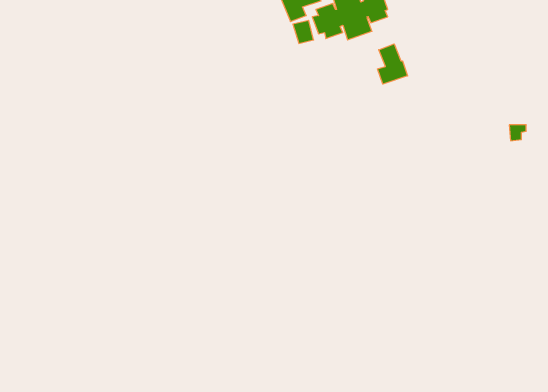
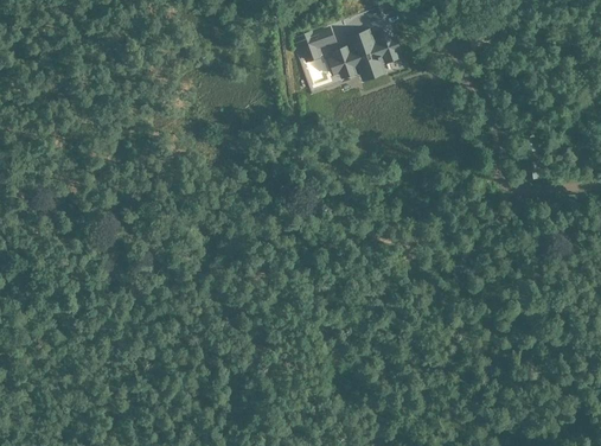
building: [377,44,408,84] -> none

